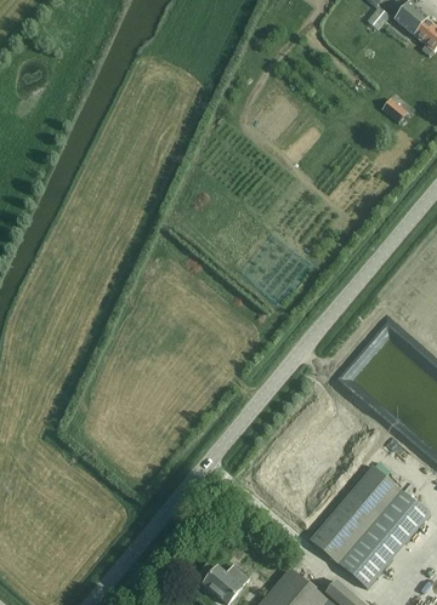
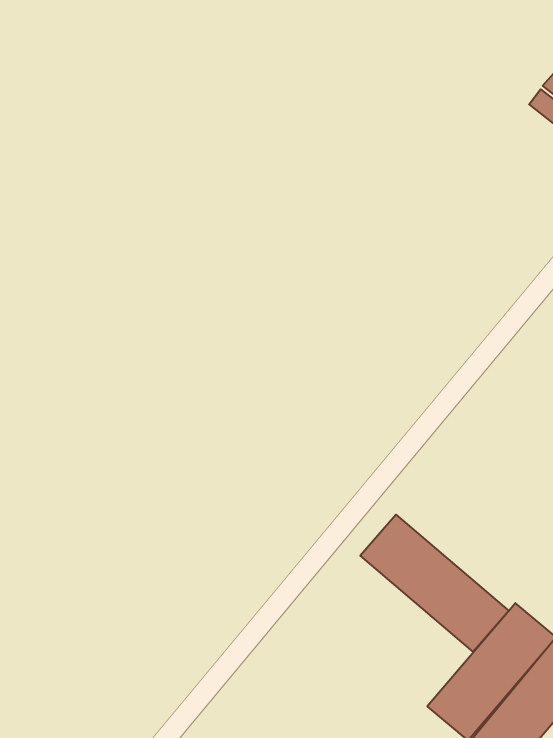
building: none -> [360,515,509,652]

